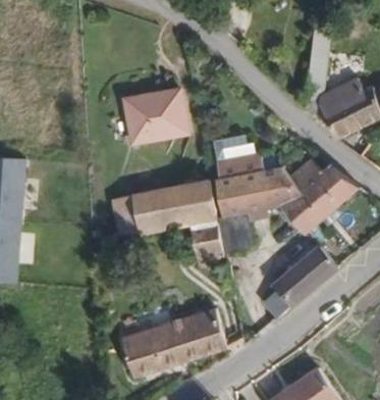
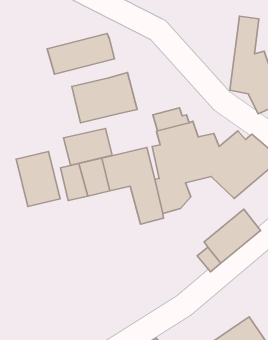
building: none -> [47,33,114,74]
building: none -> [64,129,112,165]
building: none -> [16,152,60,207]
building: [120,305,228,383] -> none

